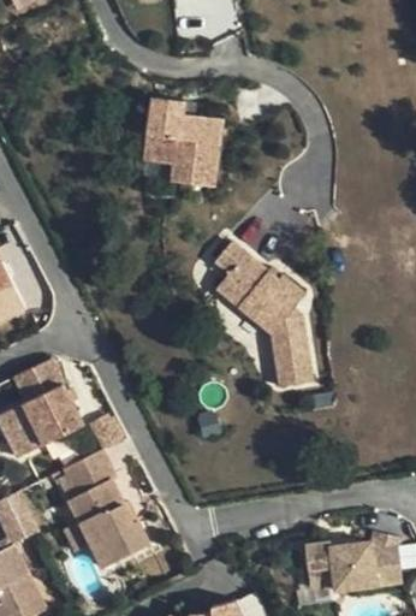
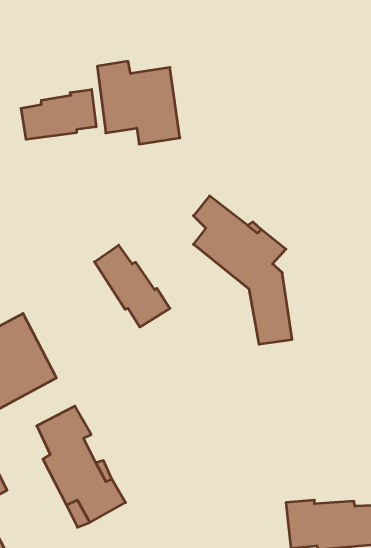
building: none -> [21,89,96,139]
building: none -> [94,245,170,327]

